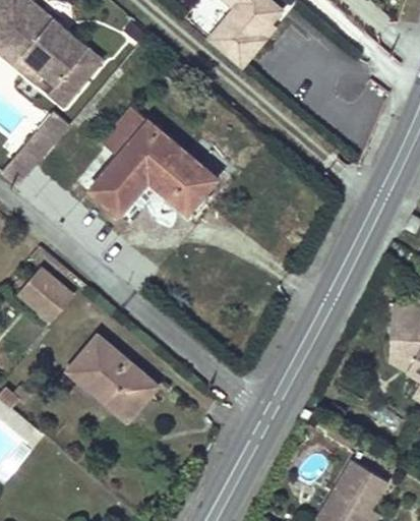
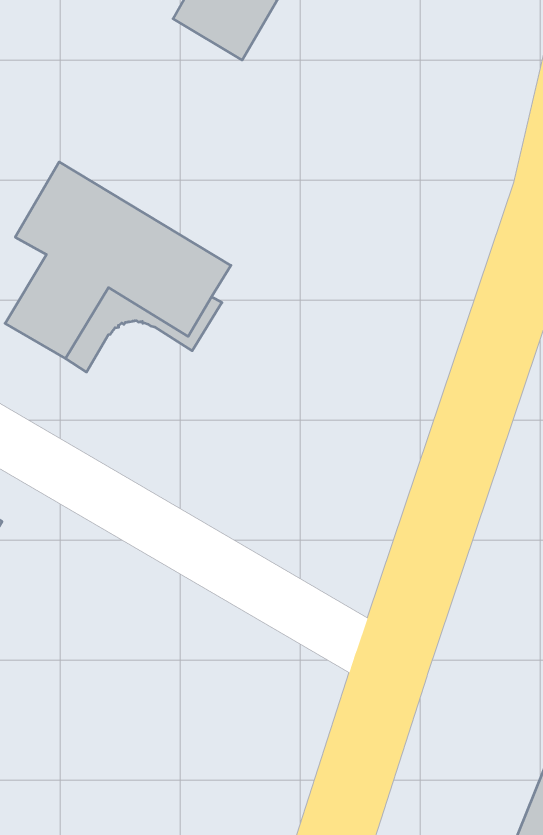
building: [69,334,158,418] -> none

